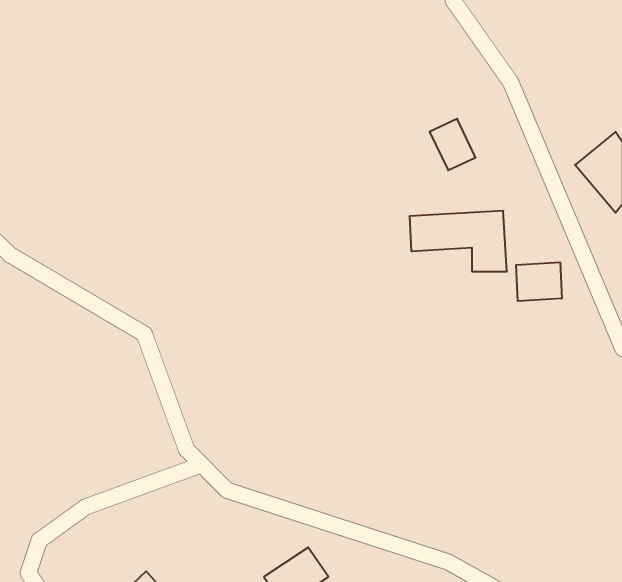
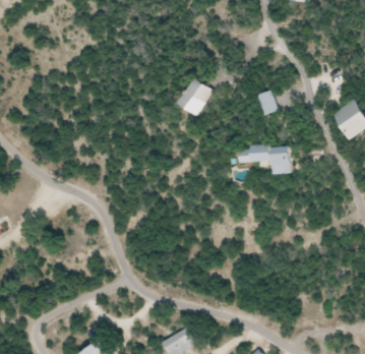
building: none -> [178,77,215,115]
building: [516,262,562,301] -> none

